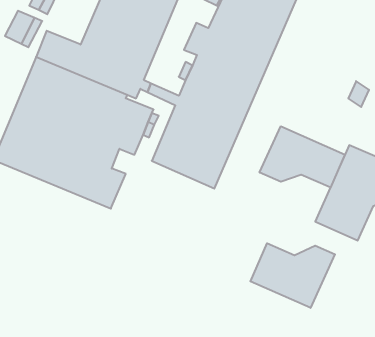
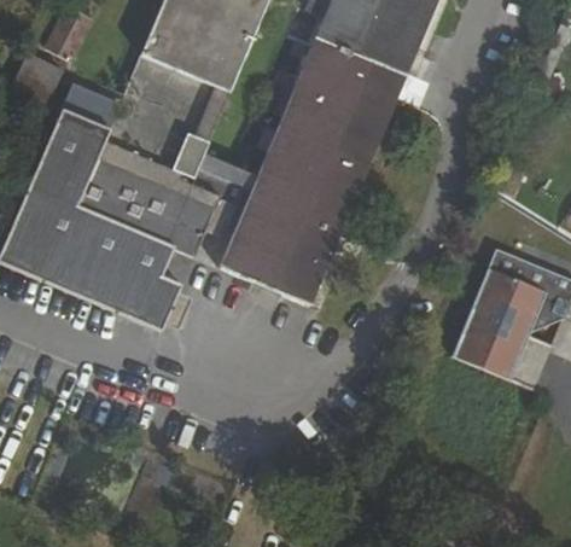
building: [260,126,345,187] -> none
building: [250,243,335,308] -> none

